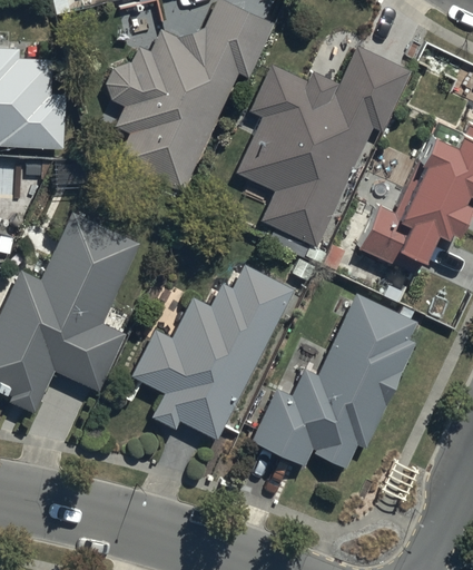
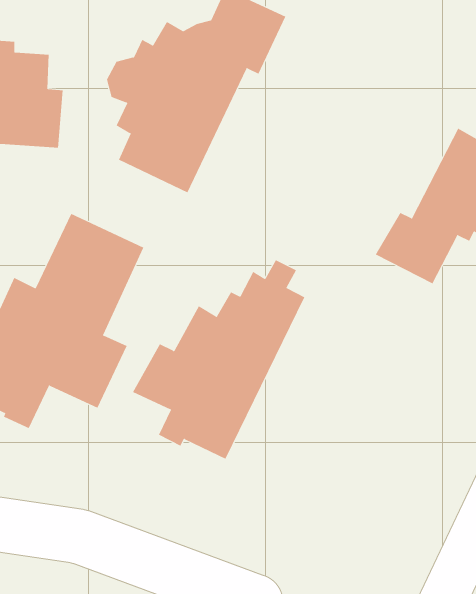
building: [237,46,411,246] -> none
building: [253,292,417,471] -> none

